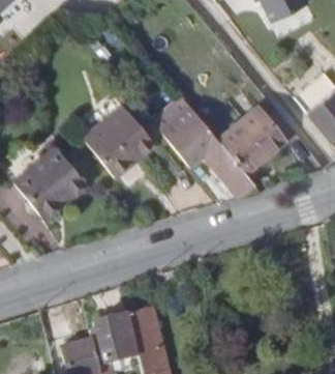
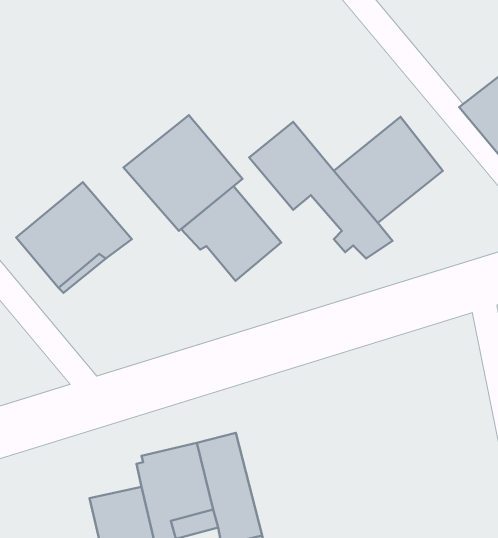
building: none -> [181,186,281,281]

